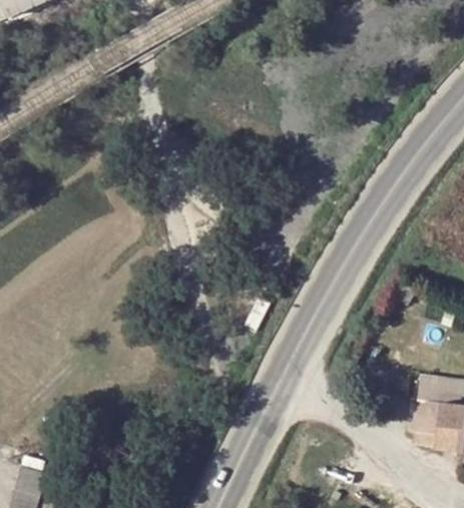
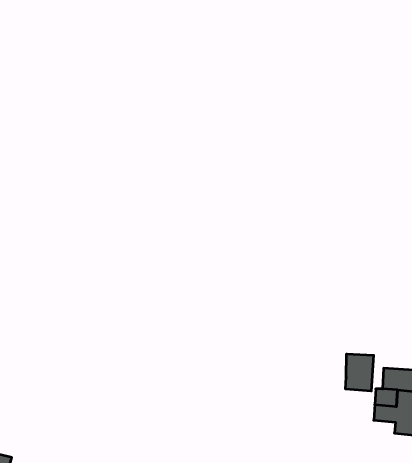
building: none -> [346,354,374,391]

